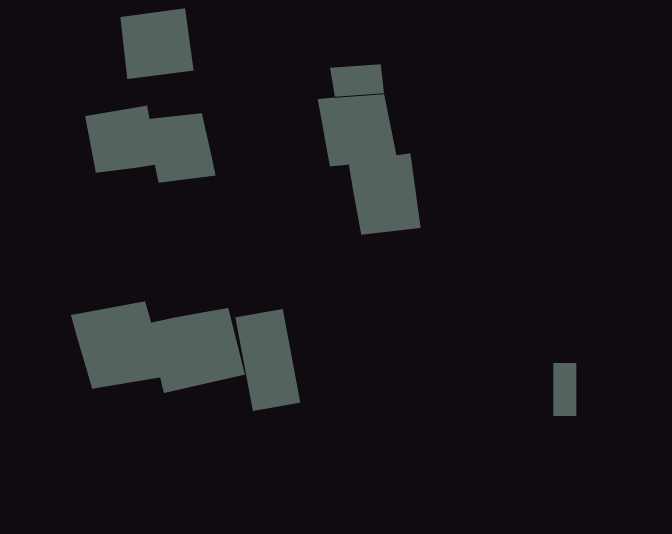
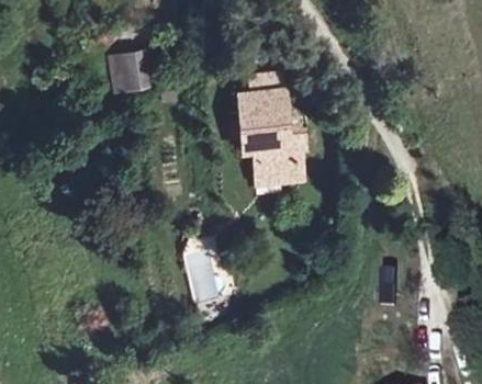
building: [85,105,216,184] -> none
building: [70,301,245,394] -> none

